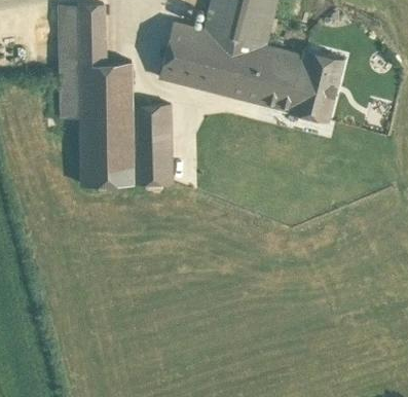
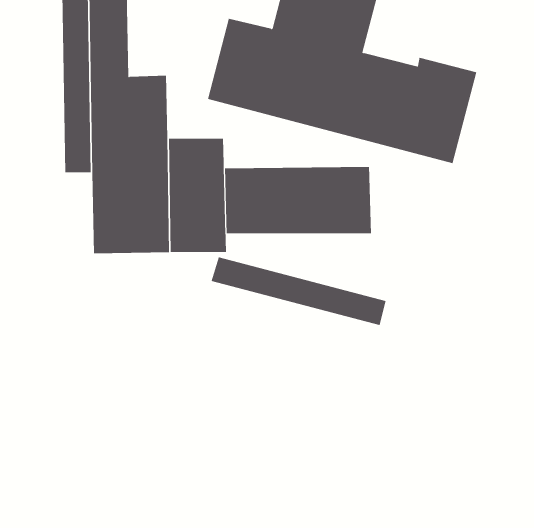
building: none -> [224,166,371,234]
building: none -> [211,257,386,326]

